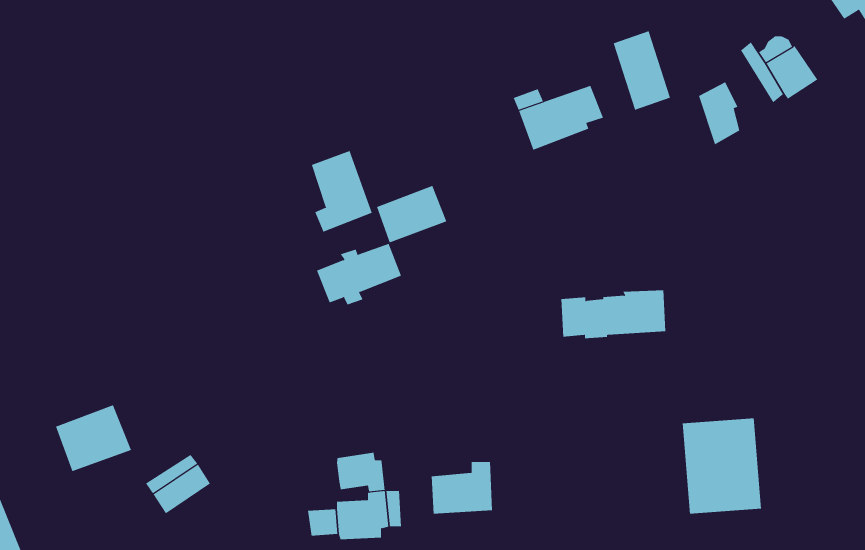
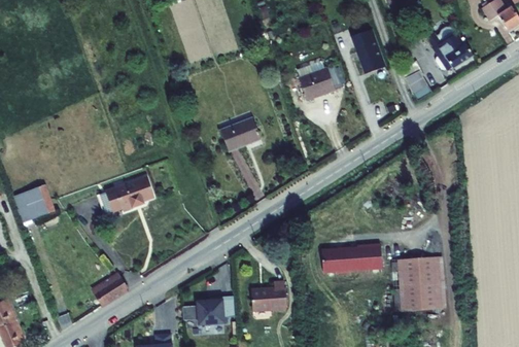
building: [311,150,373,232] -> none
building: [316,243,402,305] -> [105,177,153,212]
building: [561,290,666,339] -> [319,240,379,268]
building: [55,405,132,472] -> [13,185,57,223]
building: [336,452,385,492] -> none

